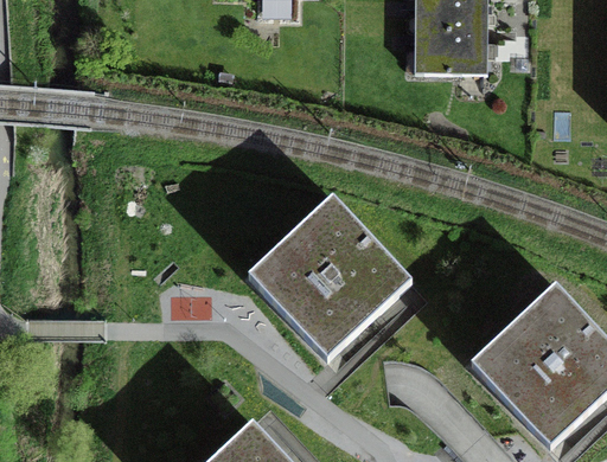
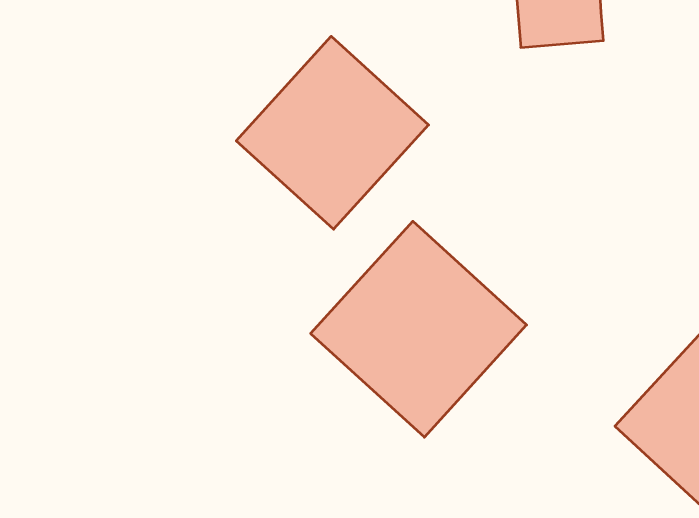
building: none -> [236,36,429,229]

